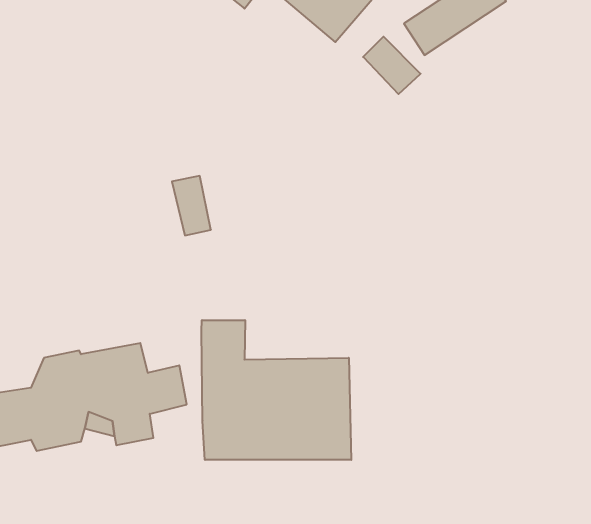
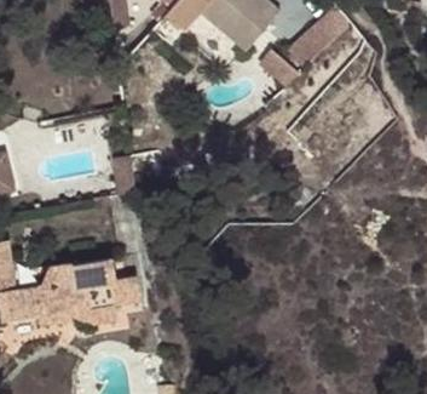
building: [201,320,351,460] -> none

